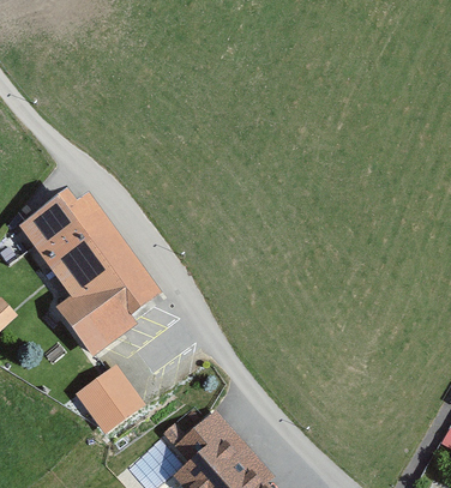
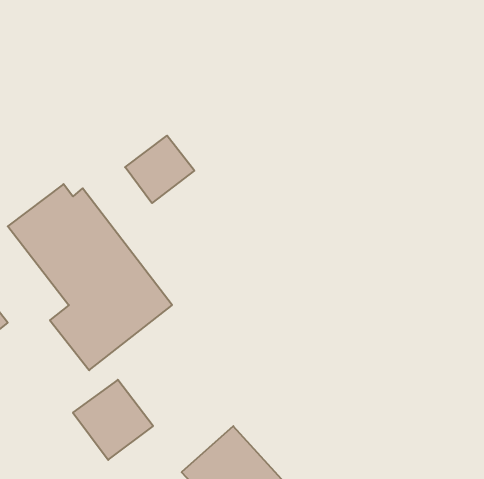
building: none -> [125,136,194,203]

